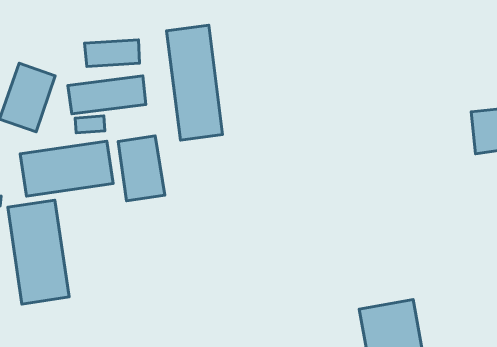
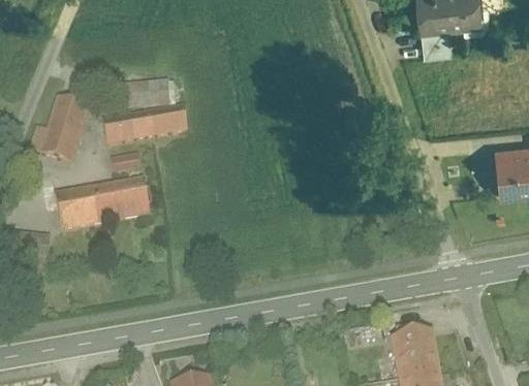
building: [166,25,223,140] -> none
building: [118,136,165,201] -> none
building: [8,200,69,304] -> none

